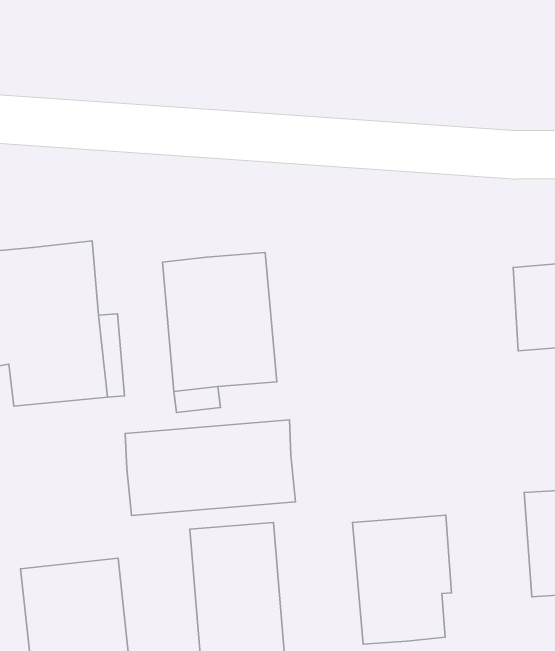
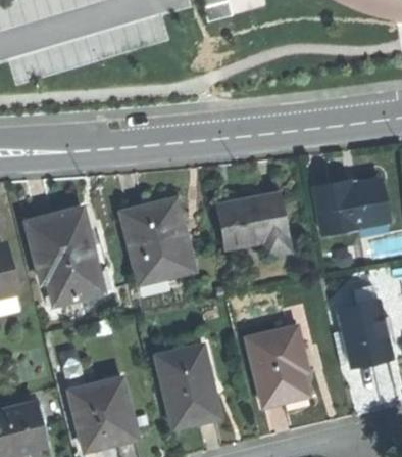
building: none -> [217,193,288,255]
building: [125,420,295,515] -> none

